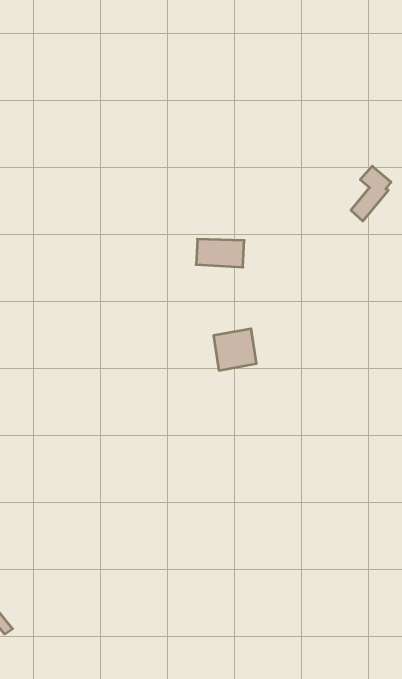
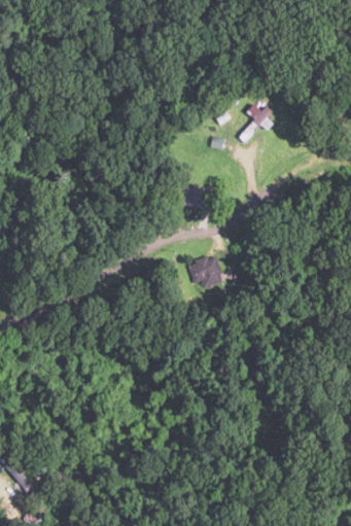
building: [351,166,391,221] -> [240,102,271,144]

